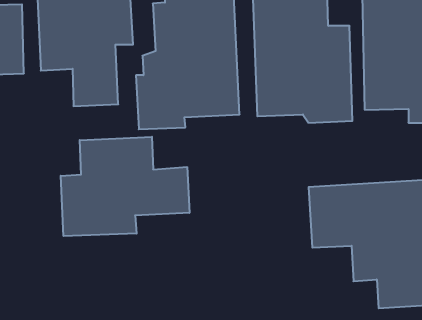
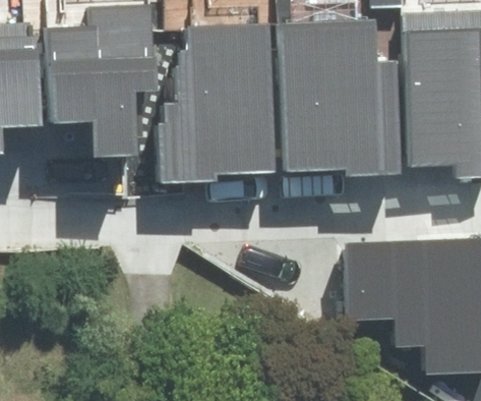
building: [61,137,189,236] -> none

